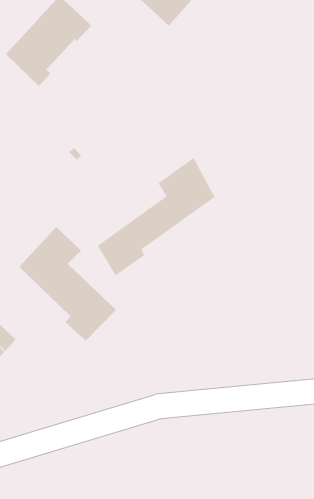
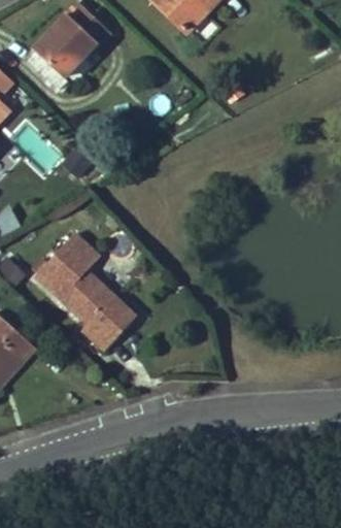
building: [97,157,215,276] -> none

